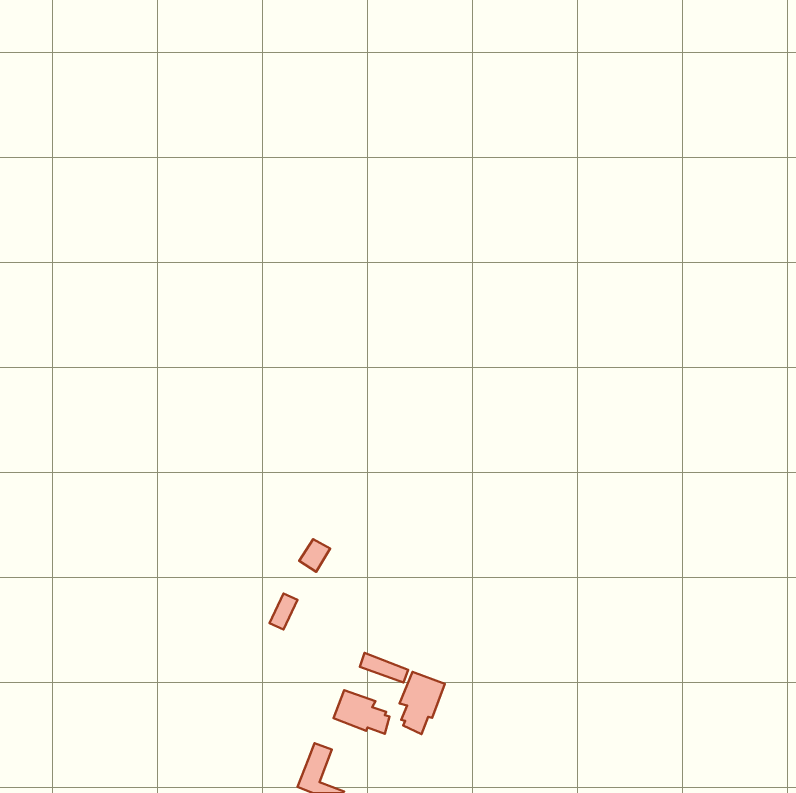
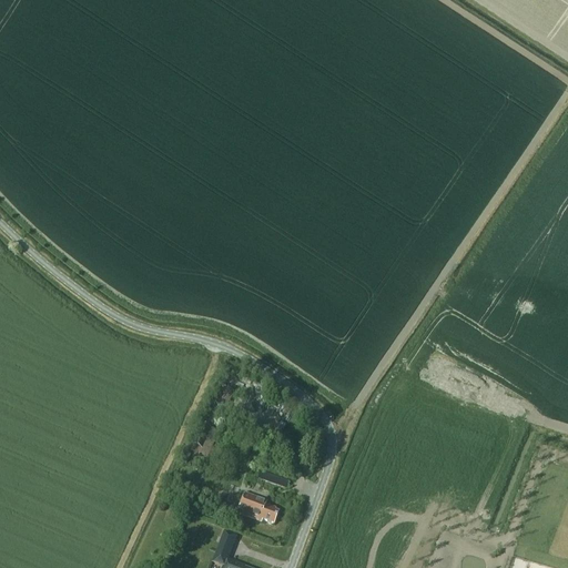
building: [400,672,445,734] -> none

